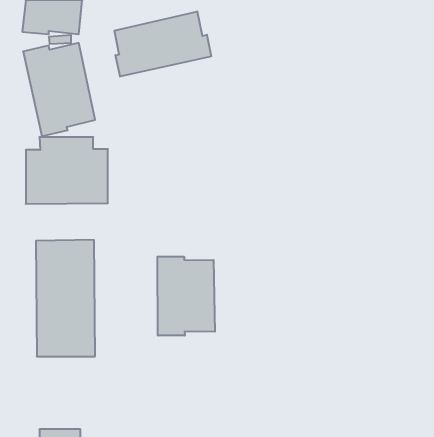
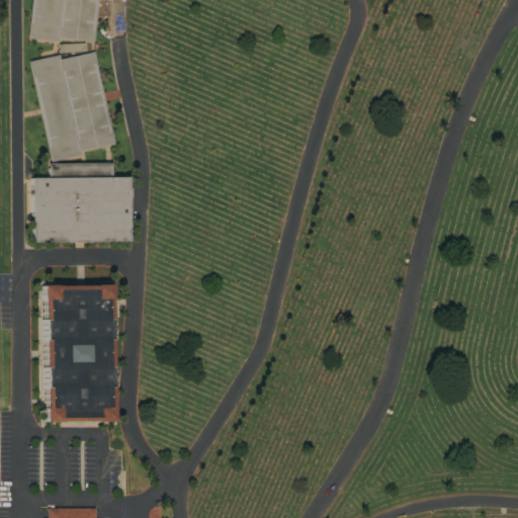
building: [115,11,211,77] -> none
building: [157,257,215,336] -> none

